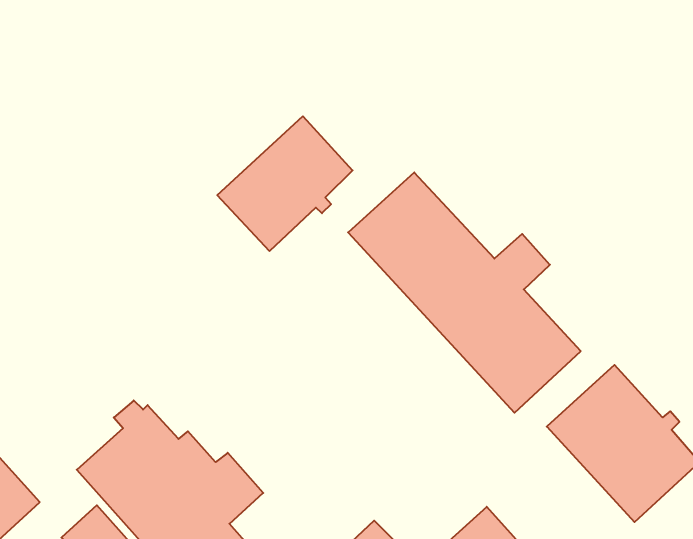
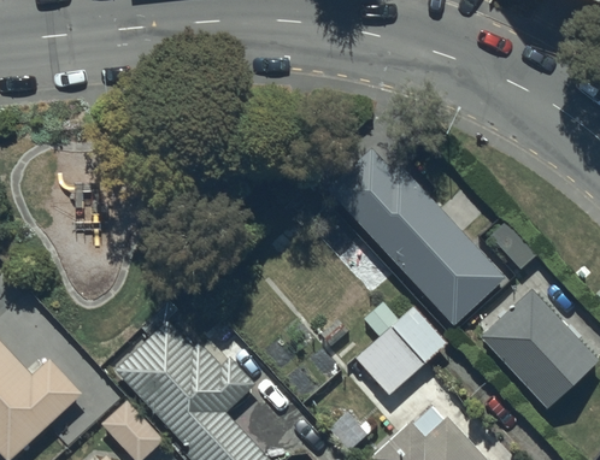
building: [217,116,353,251] -> none
building: none -> [354,301,448,400]

